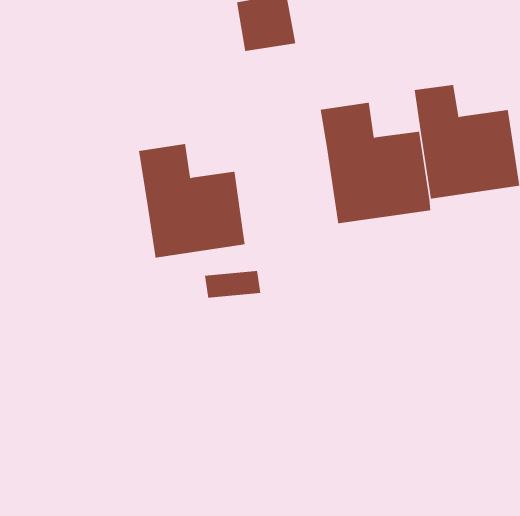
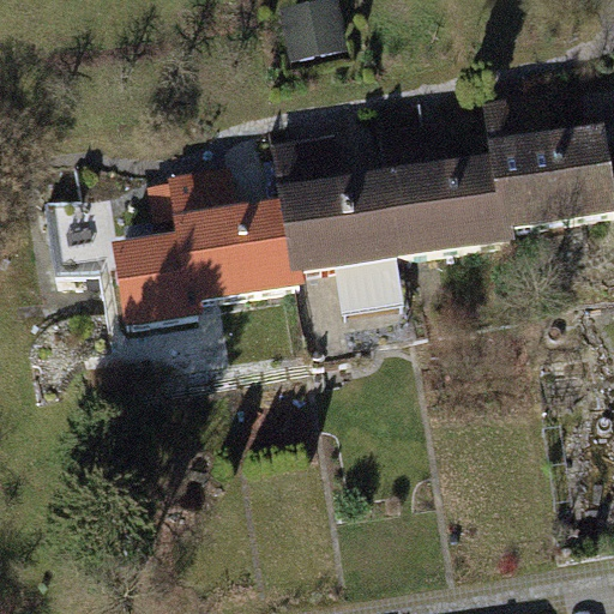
building: none -> [273,133,401,276]
building: none -> [110,236,189,323]

